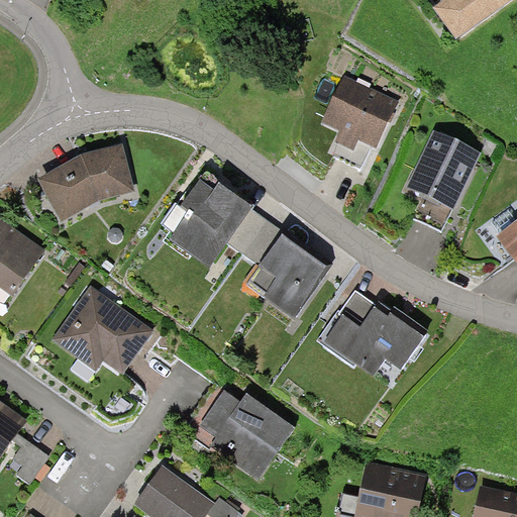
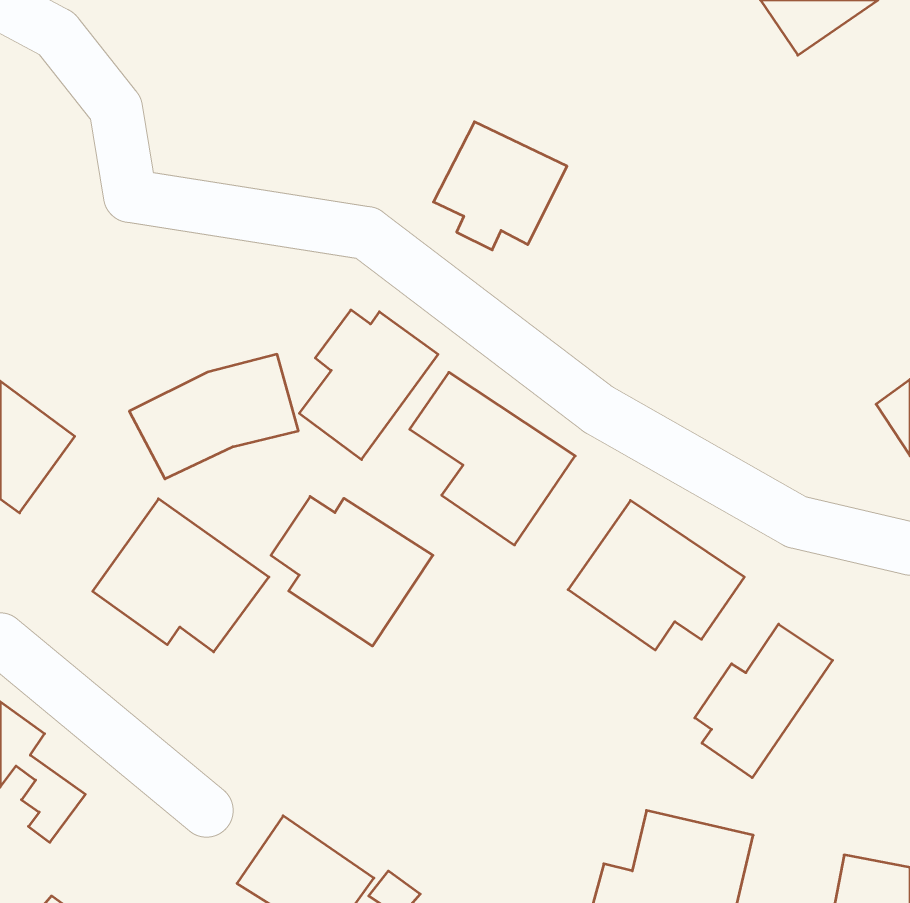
building: [322,77,398,149] -> [433,122,567,250]
building: [408,131,482,231] -> none
building: [39,149,135,220] -> [129,354,298,479]
building: none -> [695,624,833,778]
building: [202,391,294,476] -> [271,496,433,646]

